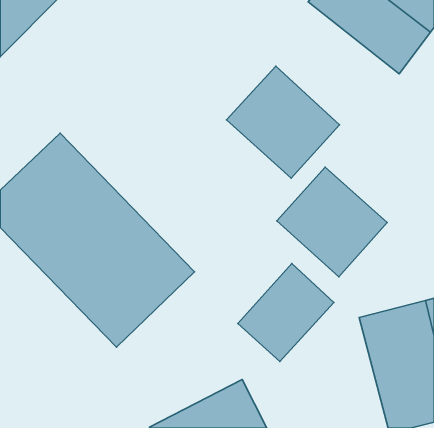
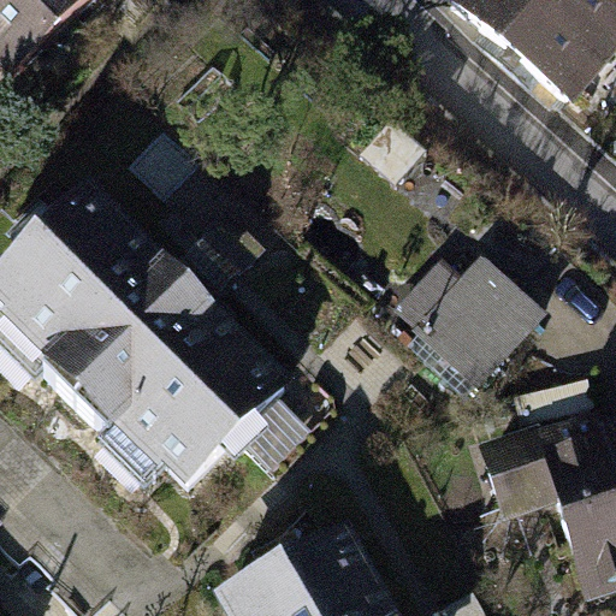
building: [227,66,339,178] -> none
building: [238,264,334,362] -> none

